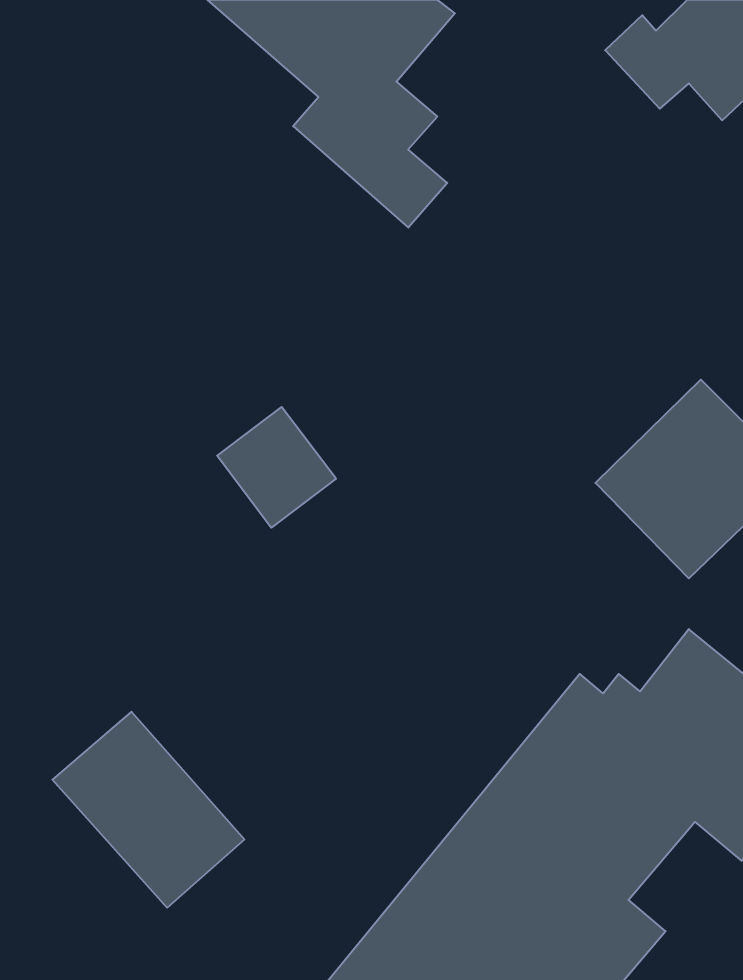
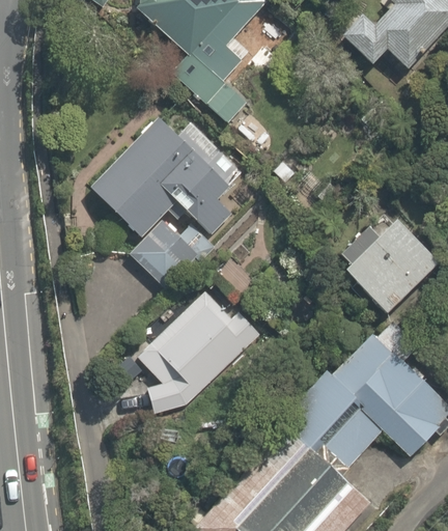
building: none -> [86,115,246,242]
building: none -> [134,286,272,417]
building: [52,712,244,908] -> none

